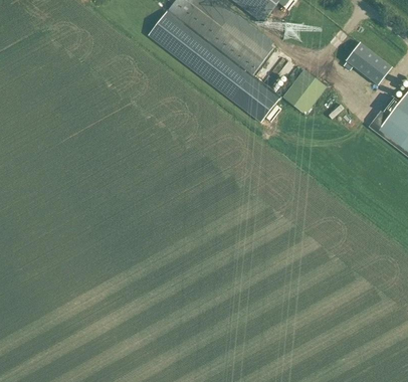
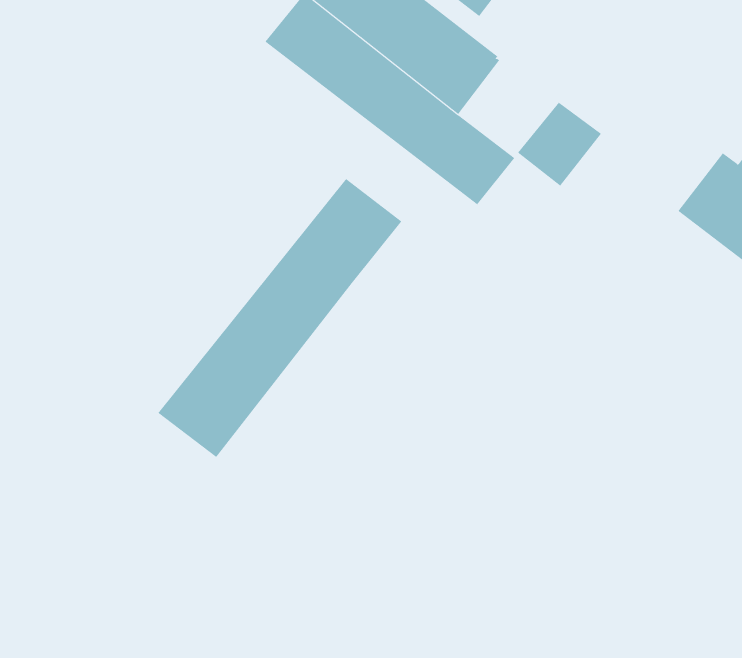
building: [346,41,392,84] -> none
building: none -> [158,178,402,458]

